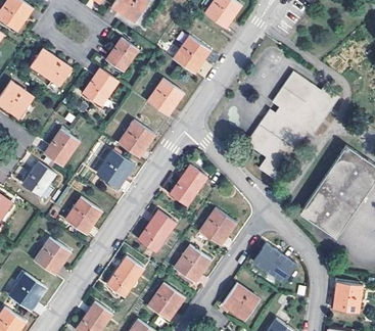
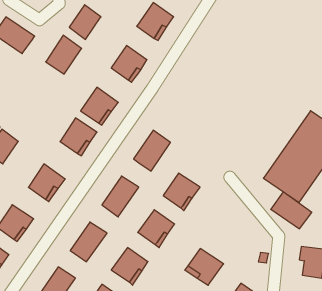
building: [246,70,340,179] -> none
building: [43,131,79,169] -> none
building: [254,243,295,280] -> [271,192,312,229]

